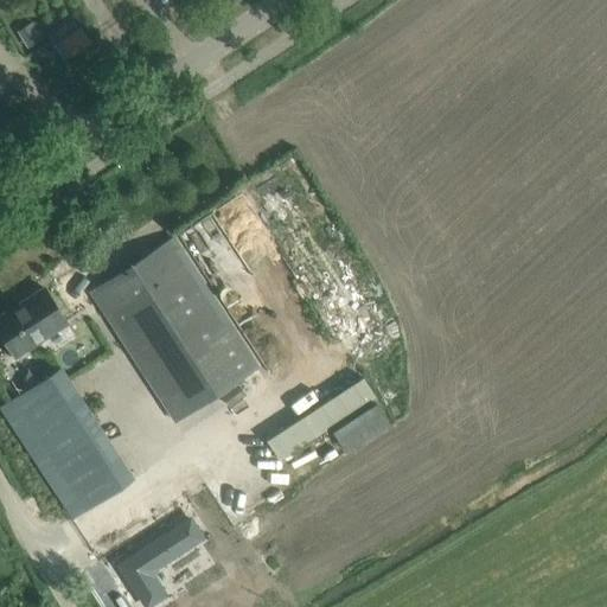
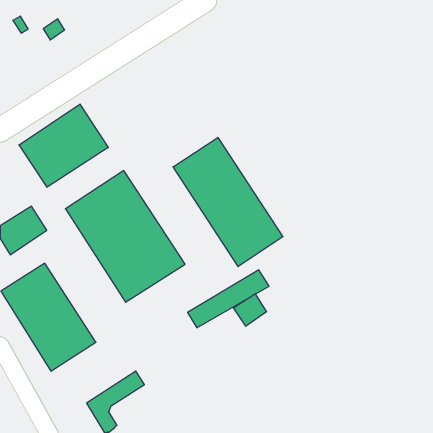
building: none -> [19,104,108,187]
building: none -> [173,137,283,267]

